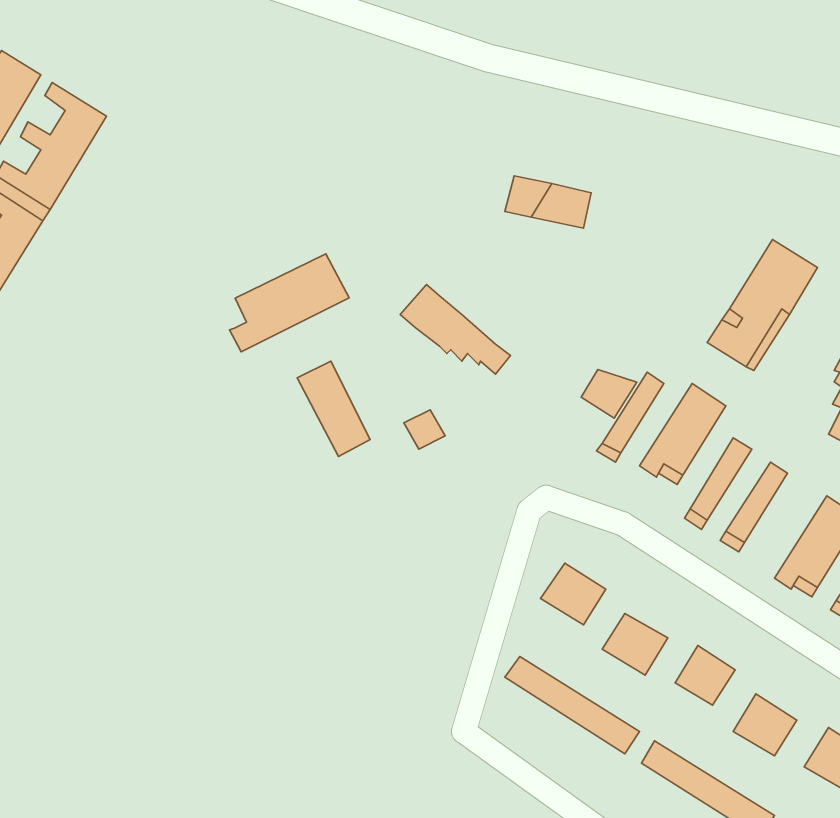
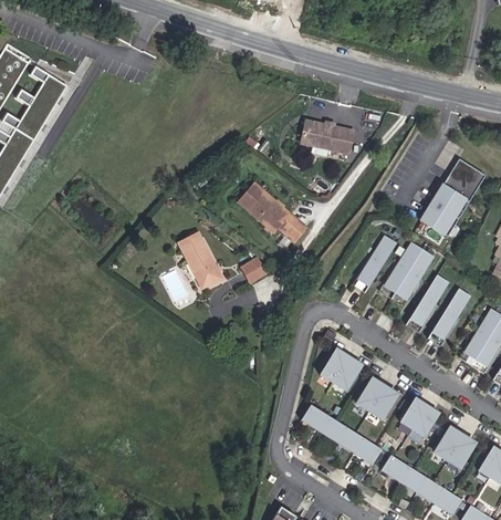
building: [230,254,349,352] -> none
building: [581,370,637,418] -> none

